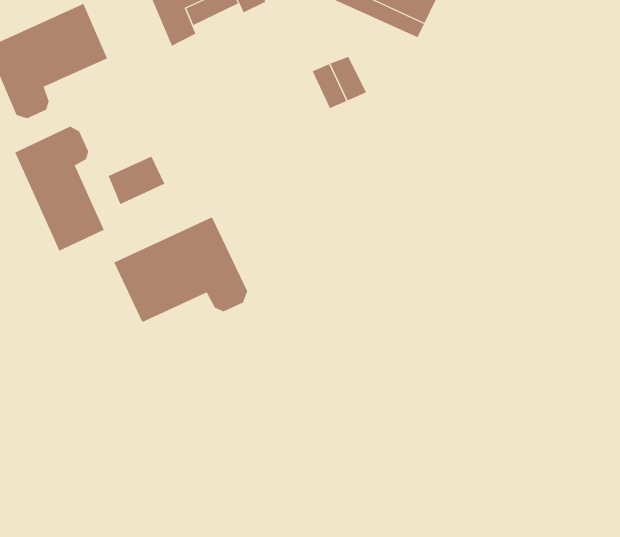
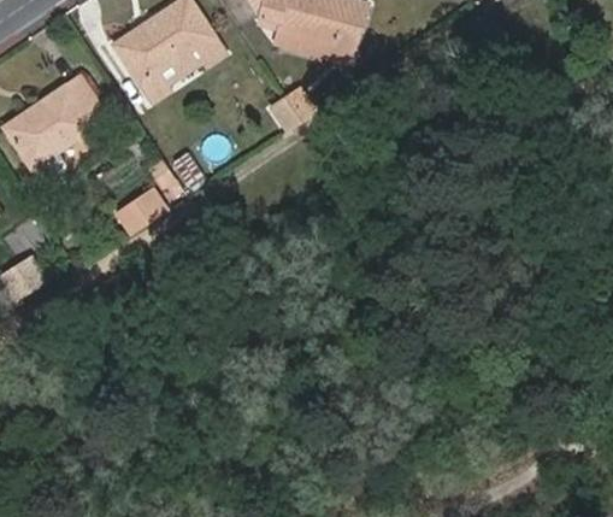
building: [15,126,105,252] -> none
building: [113,217,248,323] -> none

